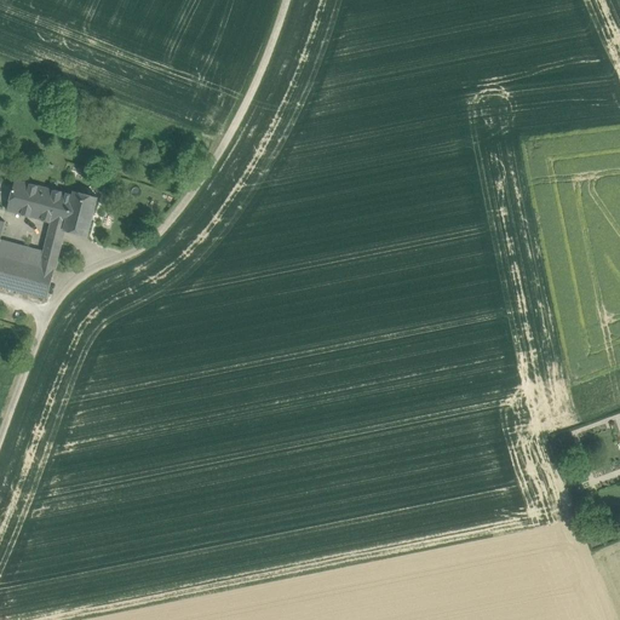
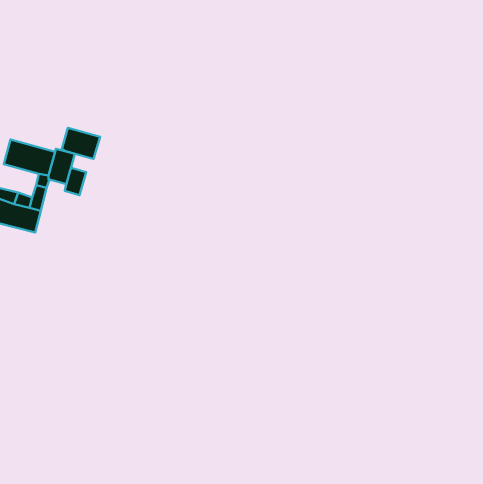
building: none -> [62,128,100,159]
building: none -> [65,168,86,195]

